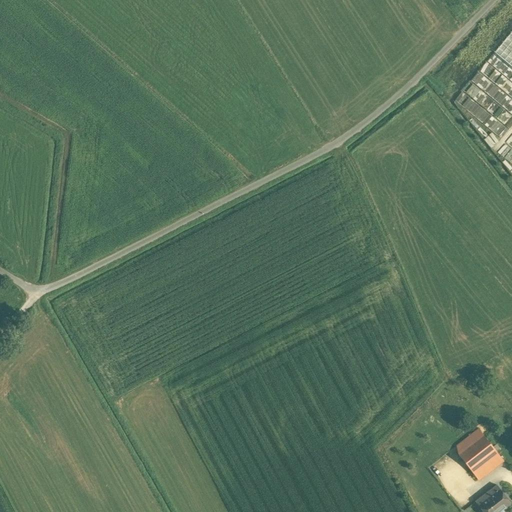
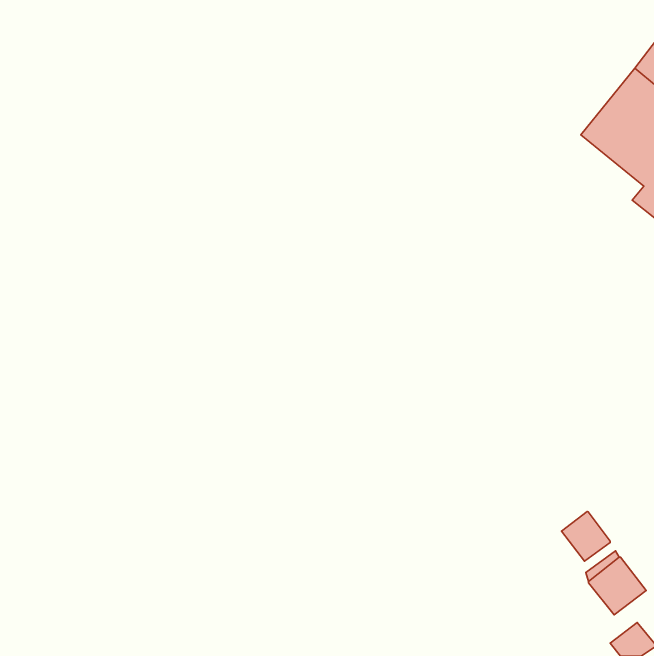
building: none -> [561,511,610,561]

